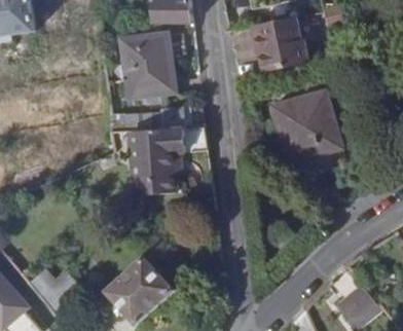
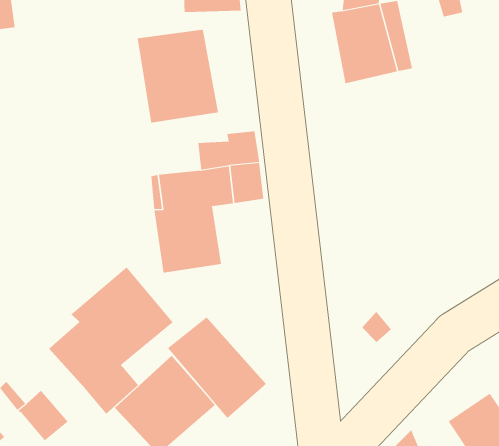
building: [279,90,339,160] -> none
building: none -> [48,267,174,414]
building: none -> [167,316,267,419]

